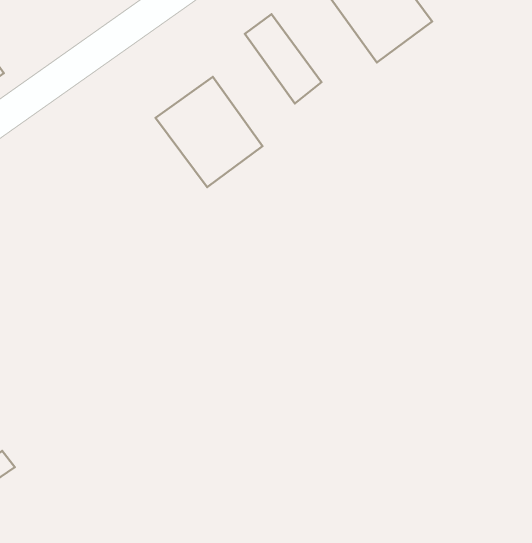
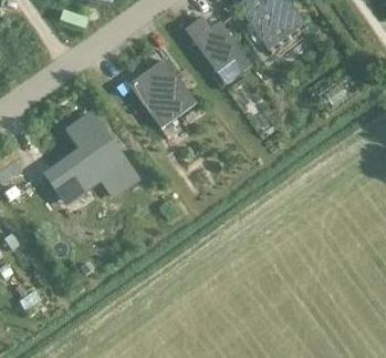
building: none -> [53,111,134,195]

